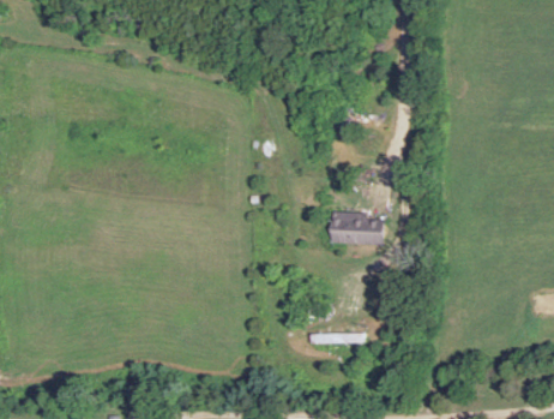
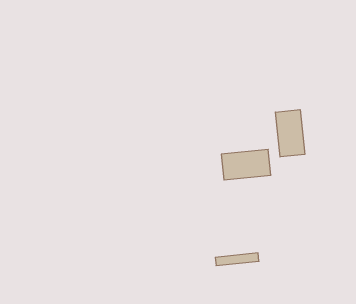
building: none -> [275,110,305,157]

